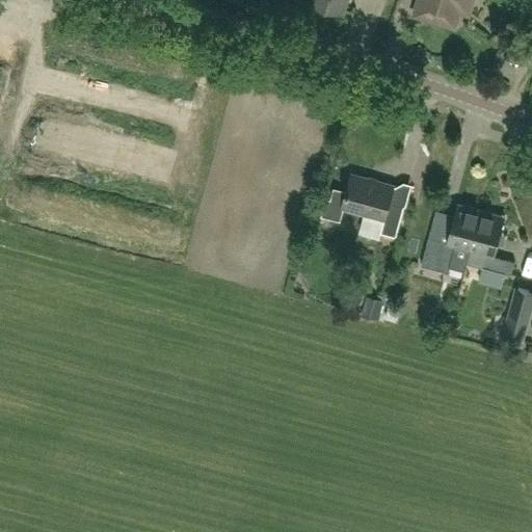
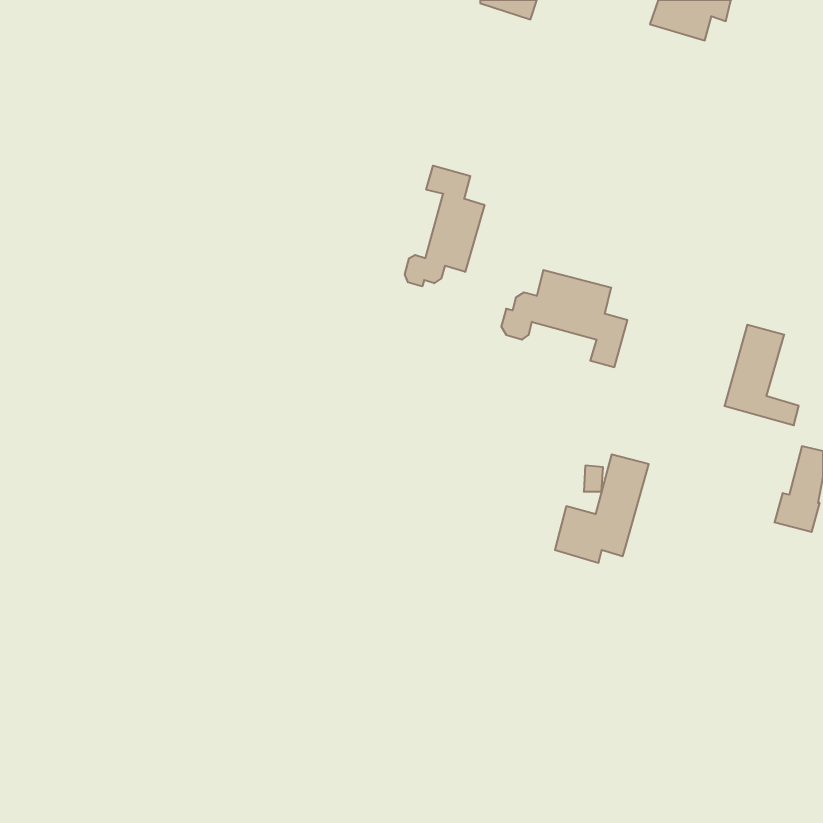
building: none -> [405,166,484,286]
building: [420,205,480,274] -> [555,454,649,563]

